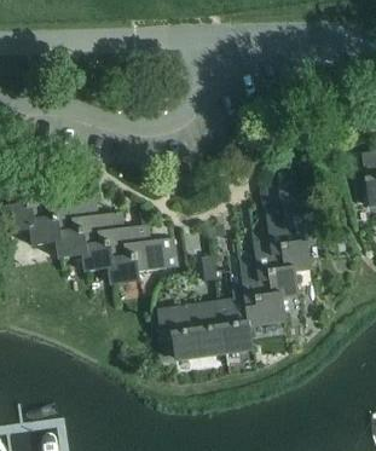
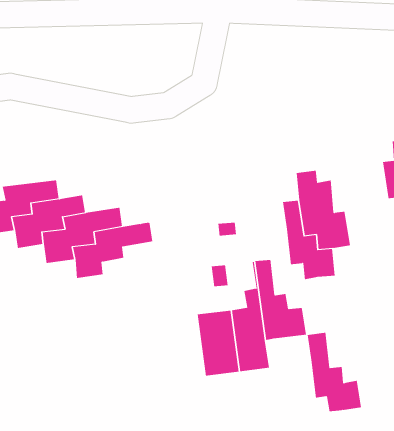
building: [251,230,300,300] -> [307,332,362,412]
building: [106,237,177,285] -> none
building: [157,305,197,363] -> none

